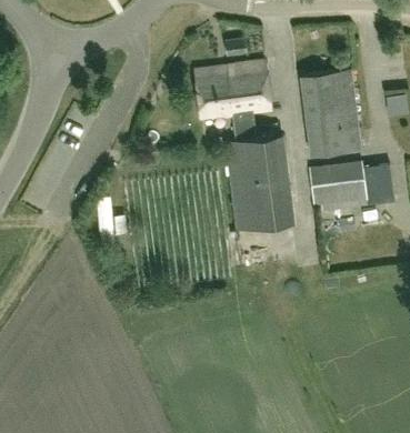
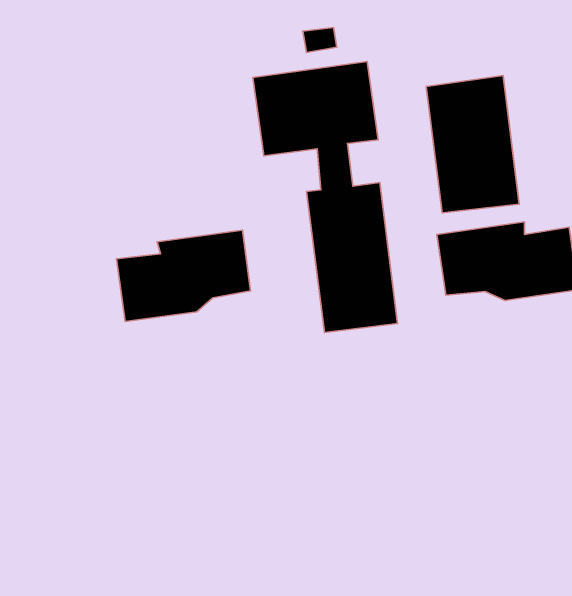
building: none -> [117,230,251,321]

